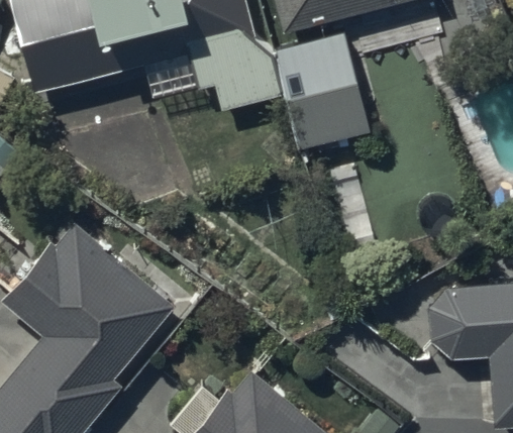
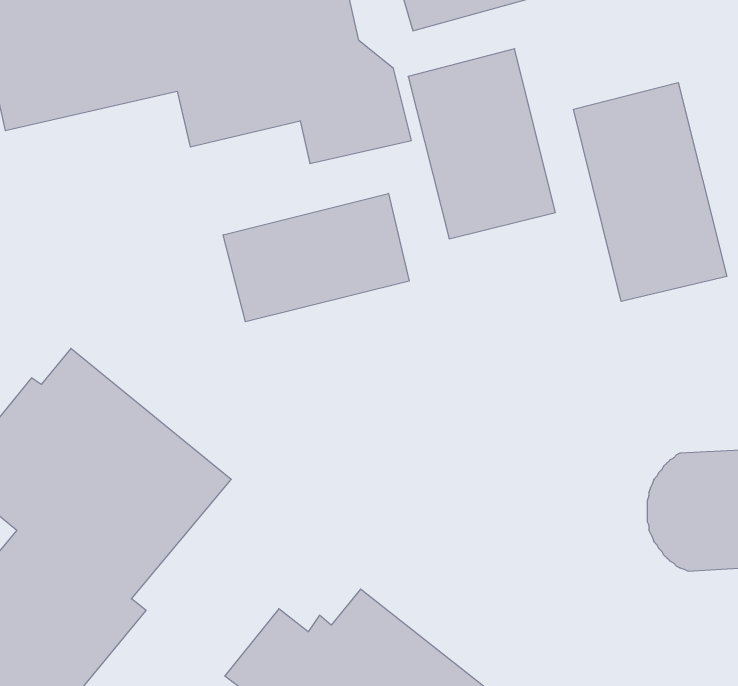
building: none -> [574,83,727,301]
building: none -> [223,193,409,322]

